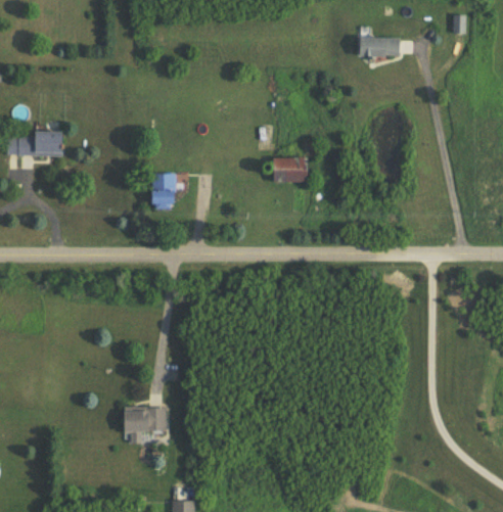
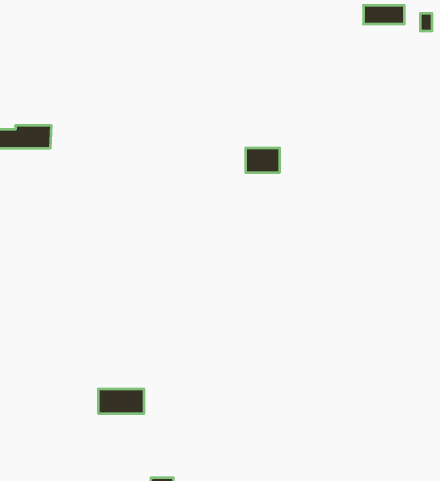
building: [359,37,402,56] -> [363,5,404,24]
building: [146,175,171,206] -> none

